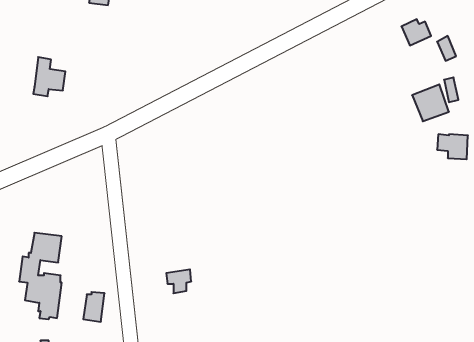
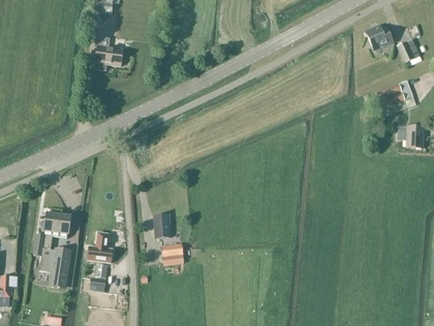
building: [33,57,65,96] -> [95,36,123,70]
building: none -> [154,214,173,238]
building: none -> [88,232,110,261]

